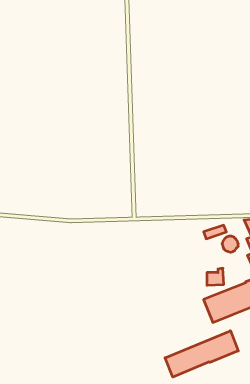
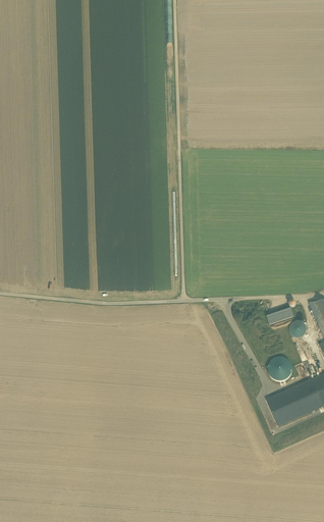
building: [165,331,238,377] -> none

